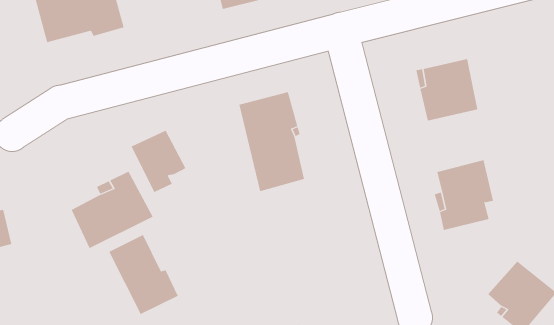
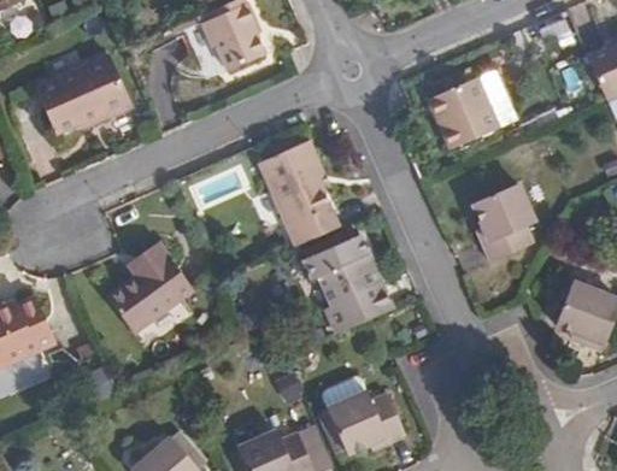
building: [131,130,186,193] -> none
building: none -> [304,235,390,334]
building: [109,234,179,315] -> none

